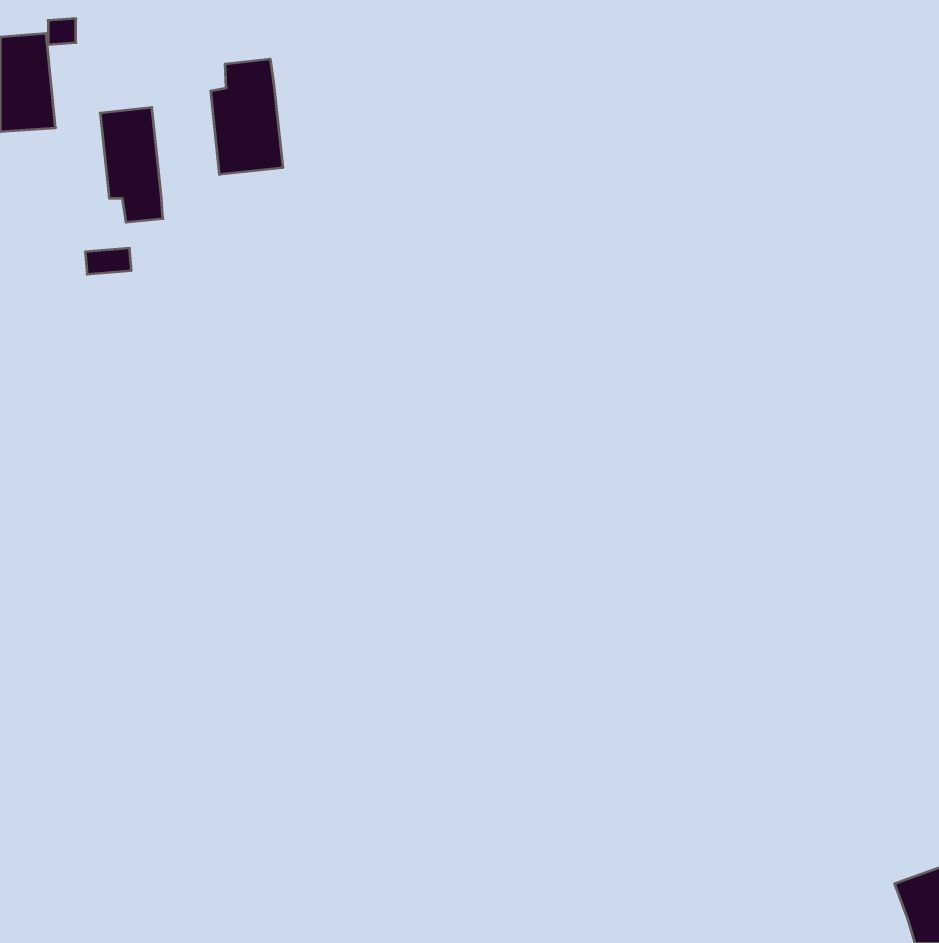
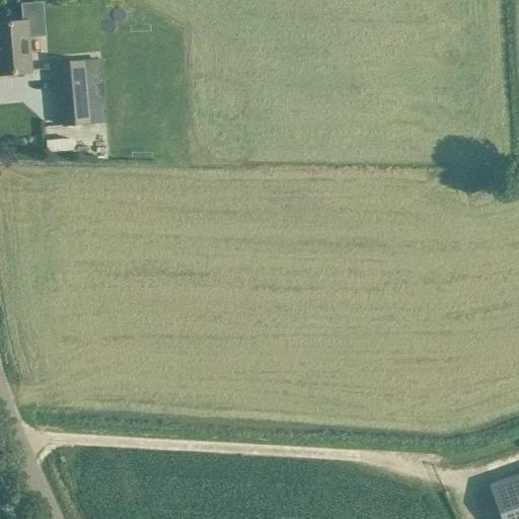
building: [211,59,283,175] -> none

